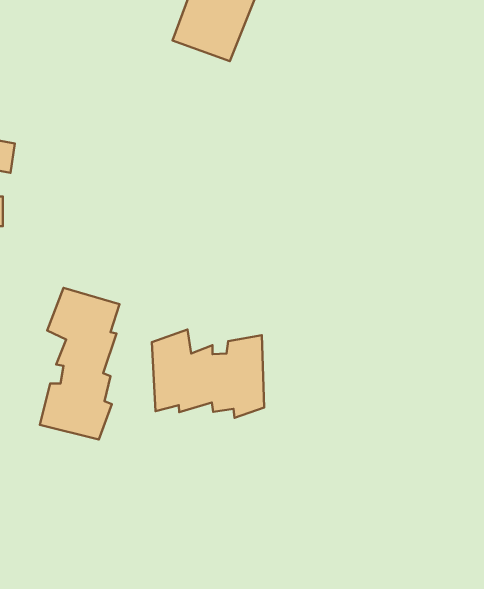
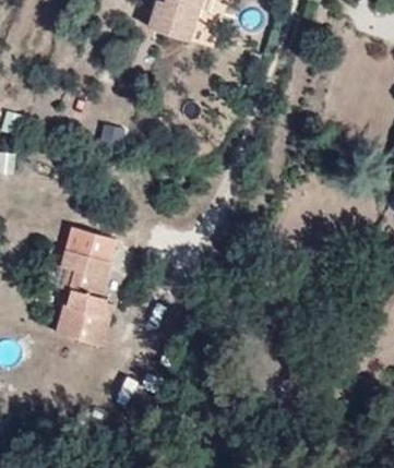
building: [152,329,264,418] -> none

